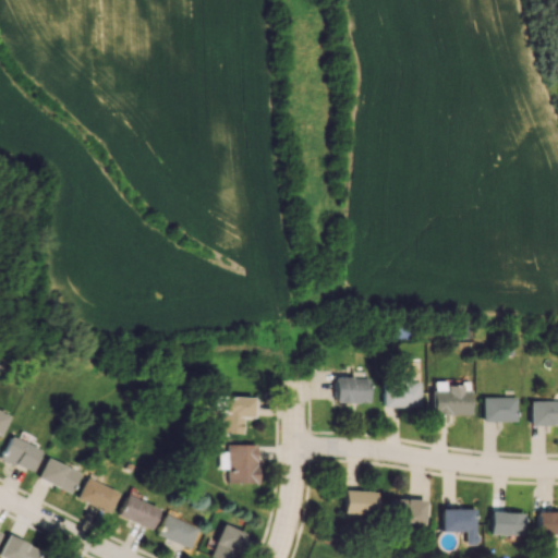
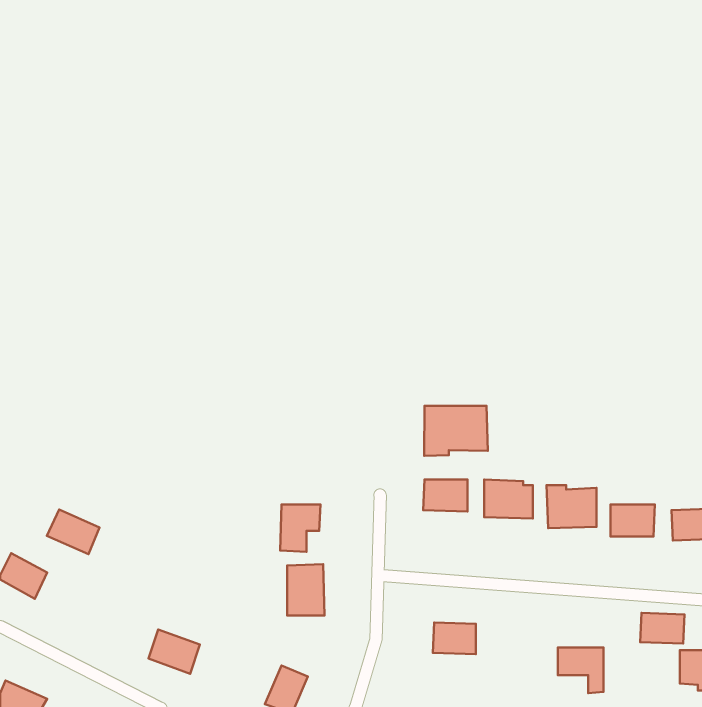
building: none -> [424,406,488,456]
building: [40,459,82,494] -> [47,510,99,554]
building: [81,480,121,513] -> none
building: [391,499,428,523] -> none
building: [493,512,527,536] -> [640,613,684,643]
building: [160,515,199,548] -> none

